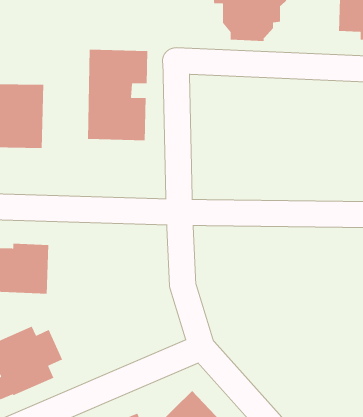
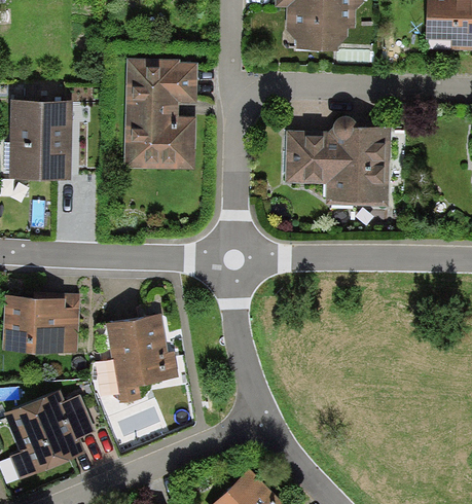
building: none -> [286,117,391,206]
building: none -> [105,315,179,403]

